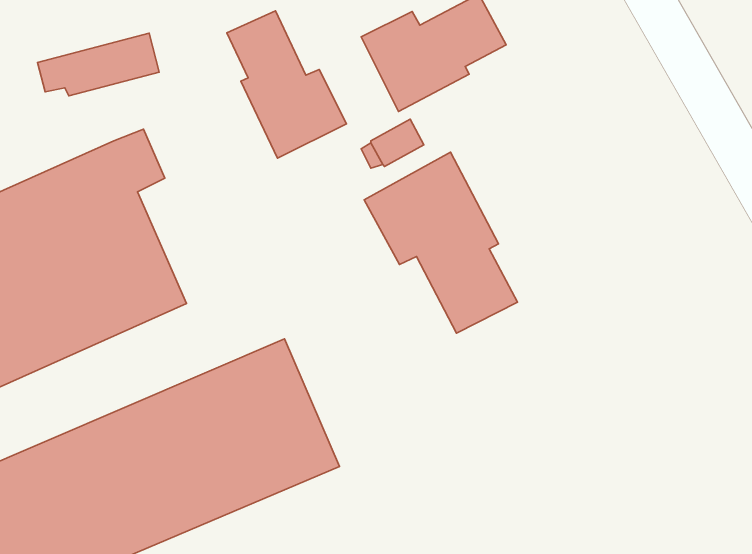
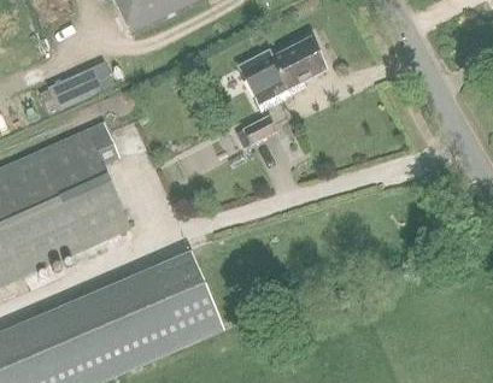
building: [227,11,347,158] -> none
building: [364,152,517,333] -> none

